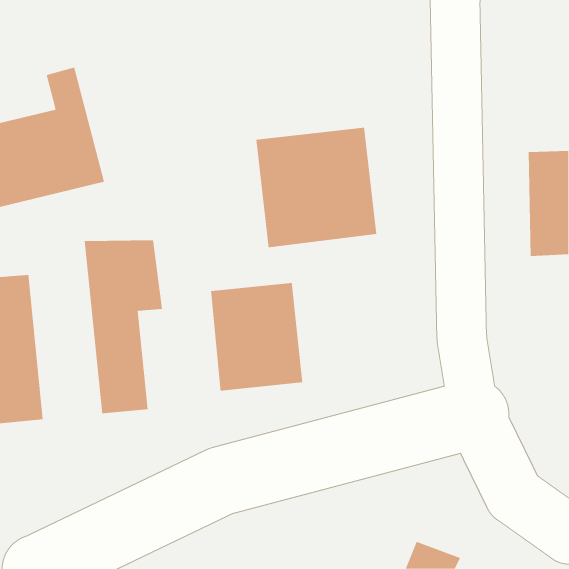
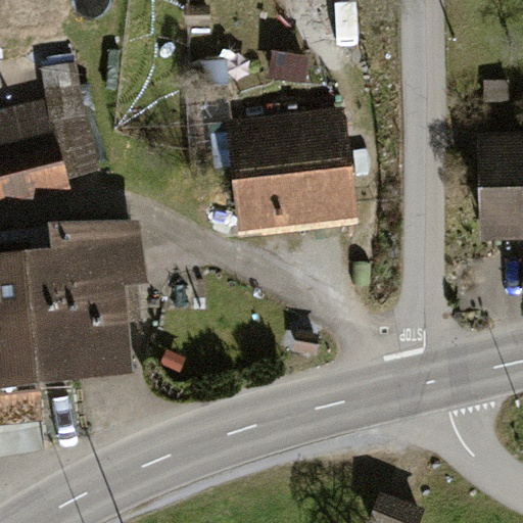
building: none -> [27,221,93,384]
building: [211,282,303,391] -> none

